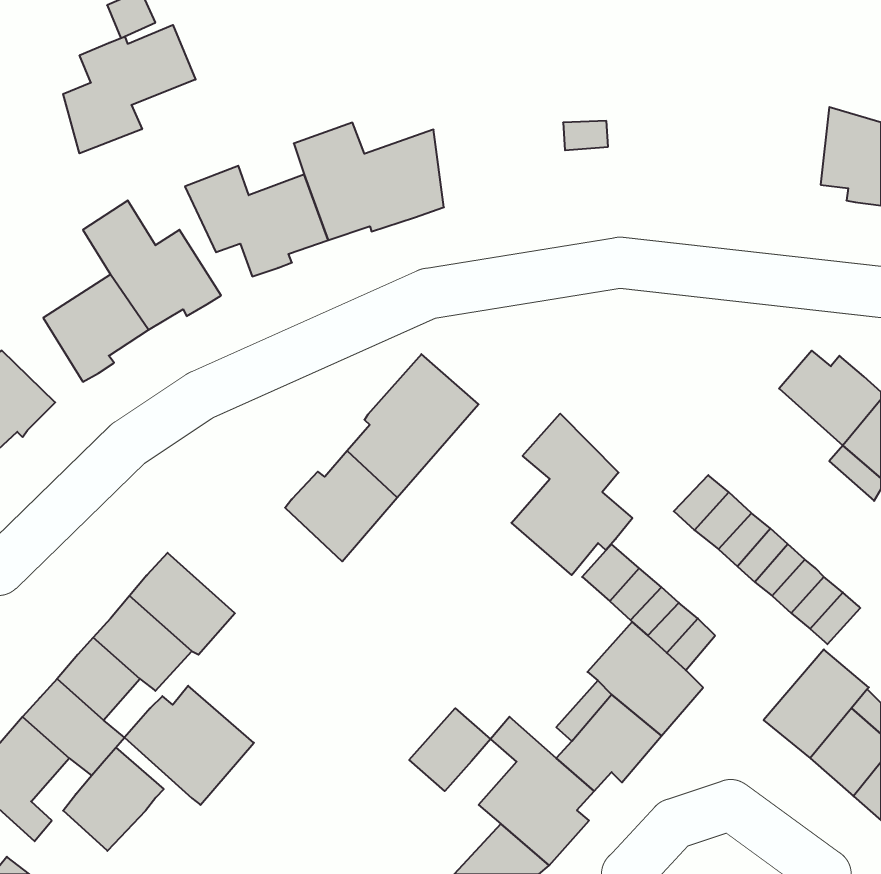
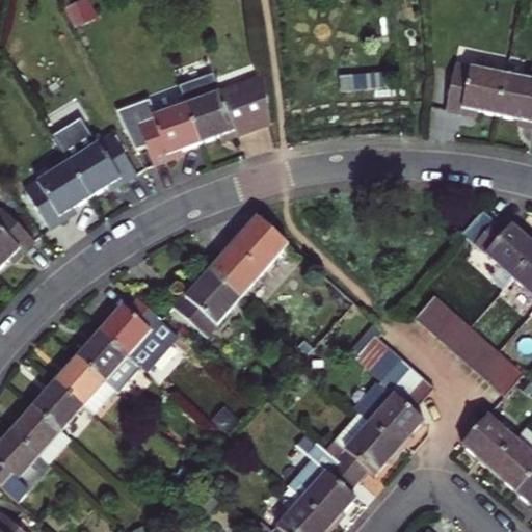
building: [63,25,196,153] -> none
building: none -> [445,59,499,115]
building: [511,414,632,575] -> none
building: [124,686,254,805] -> [101,301,179,373]
building: [409,708,491,791] -> none
building: [63,748,164,851] -> none

